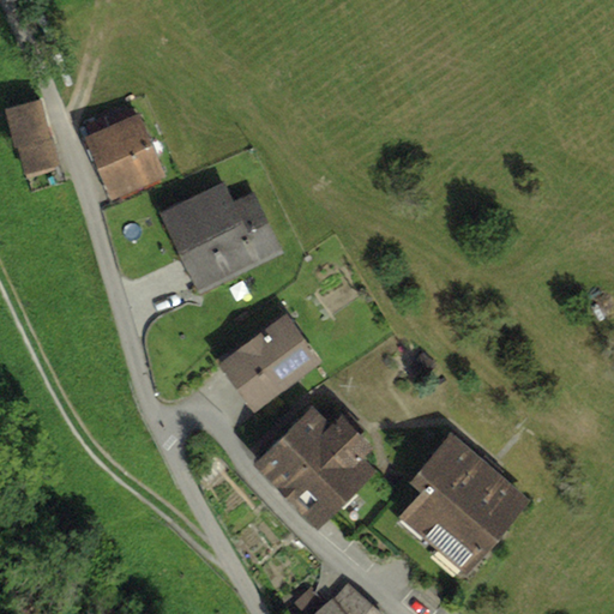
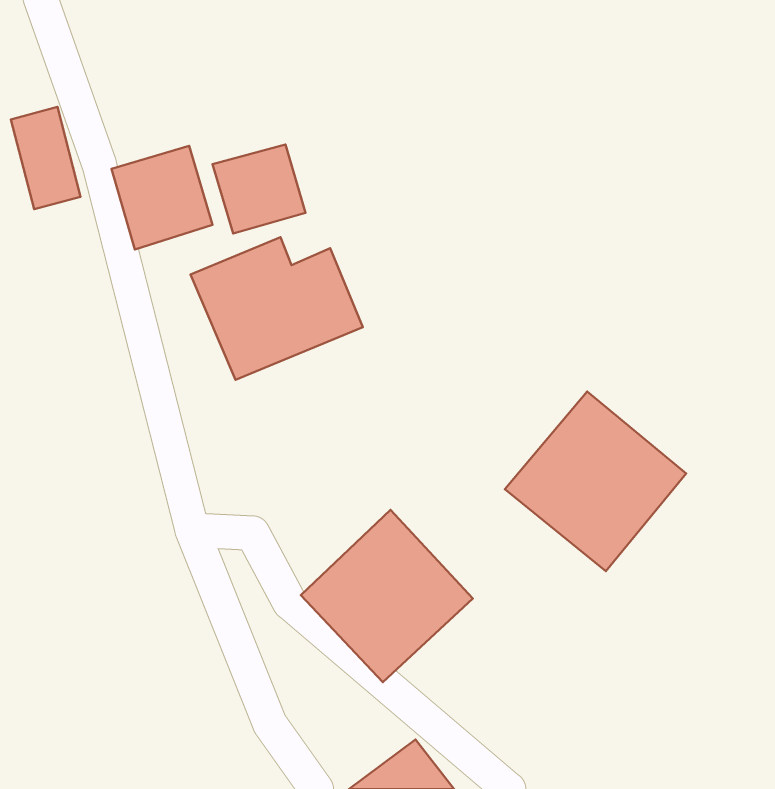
building: none -> [212,144,306,234]
building: [216,309,323,405] -> none
building: [384,437,524,576] -> [505,391,686,571]

